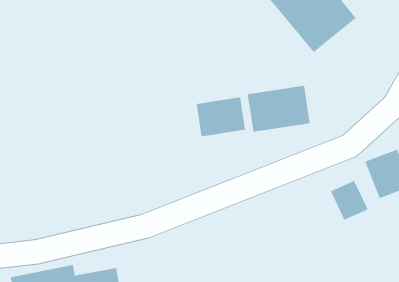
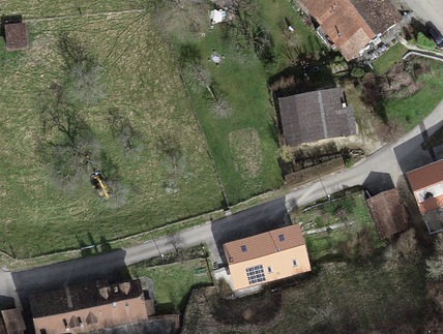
building: [196,97,246,137] -> none
building: none -> [226,230,304,284]

